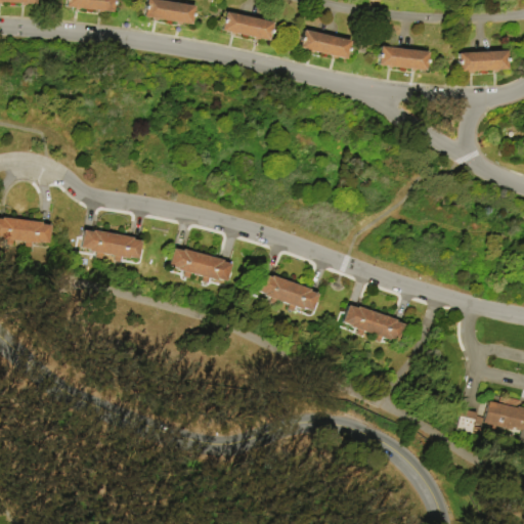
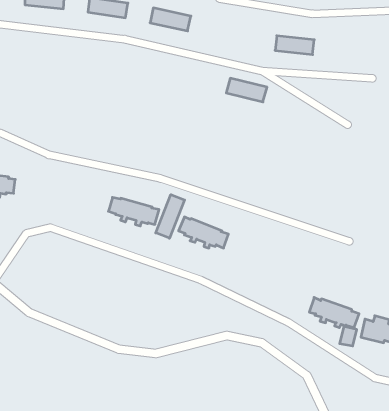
building: [301,29,352,58] -> [226,78,267,102]
building: [460,50,509,72] -> none
building: [83,230,144,264] -> none
building: none -> [156,195,185,238]
building: [346,305,408,343] -> [309,297,359,328]

